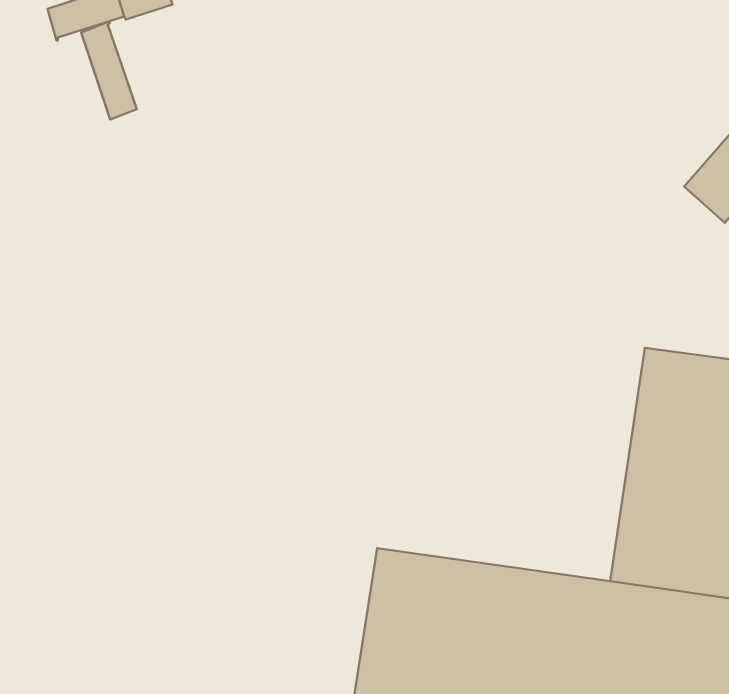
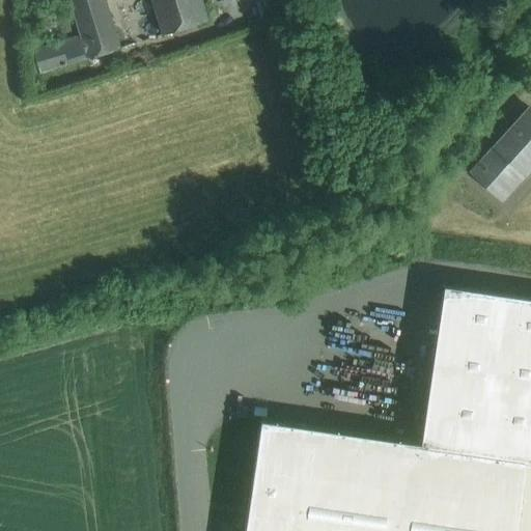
building: [81,21,137,119] -> none

